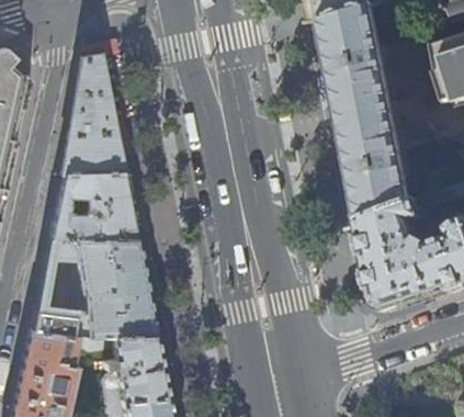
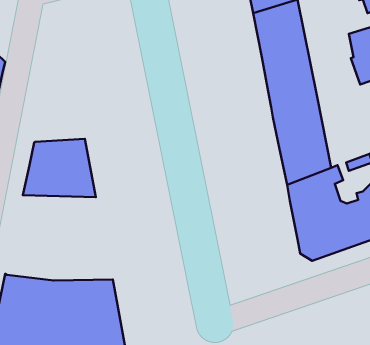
building: [59,52,122,172] -> none
building: [31,235,155,335] -> none

